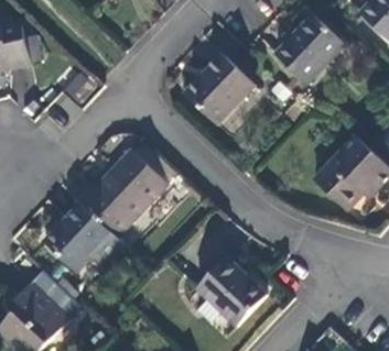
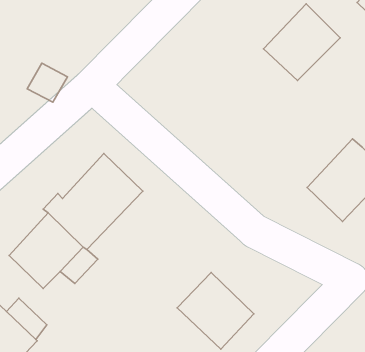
building: [184,53,255,124] -> none

